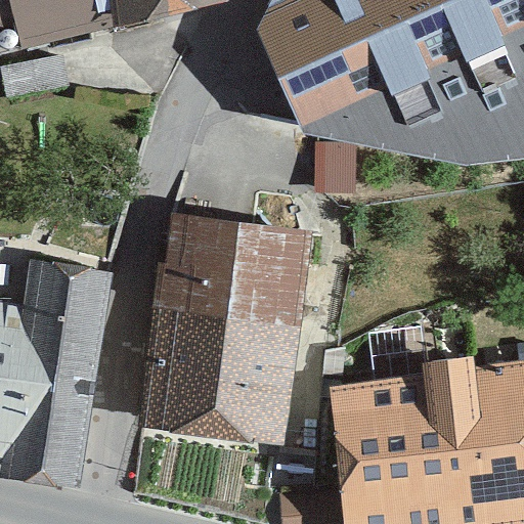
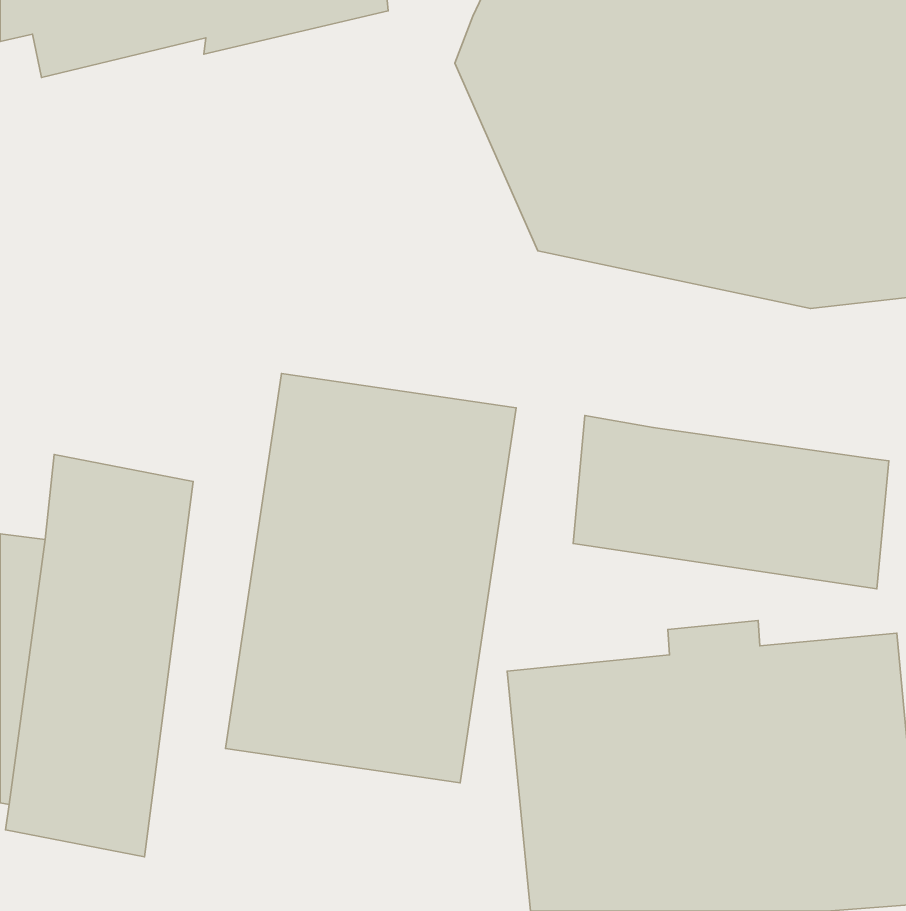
building: none -> [573,416,889,589]

